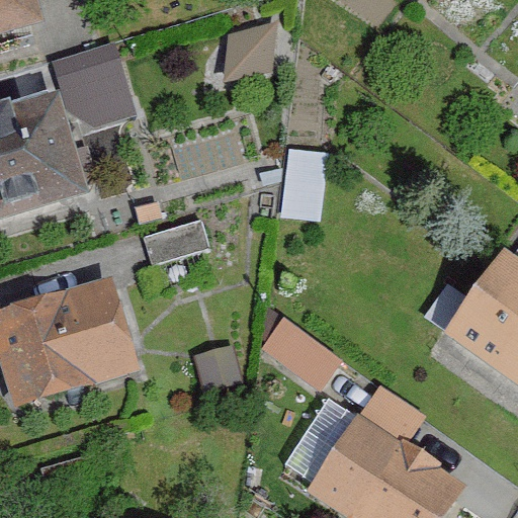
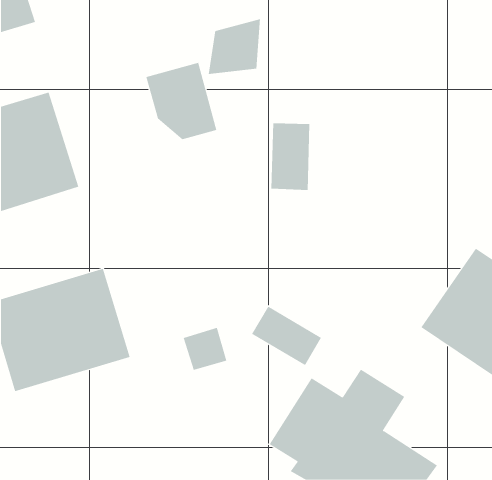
building: [56,40,131,121] -> [146,62,217,140]

